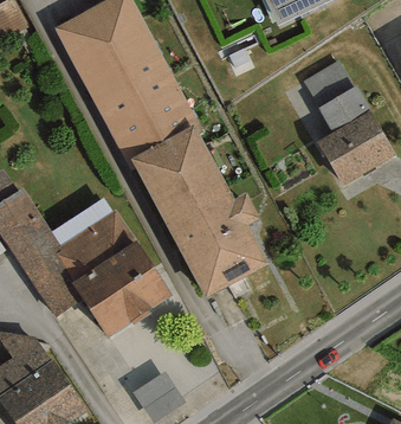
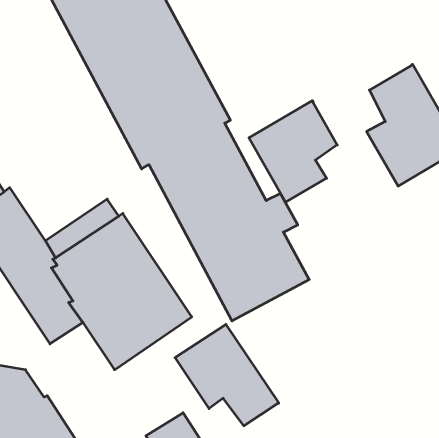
building: [303,60,353,107] -> none
building: none -> [249,101,337,202]
building: none -> [175,324,279,426]

